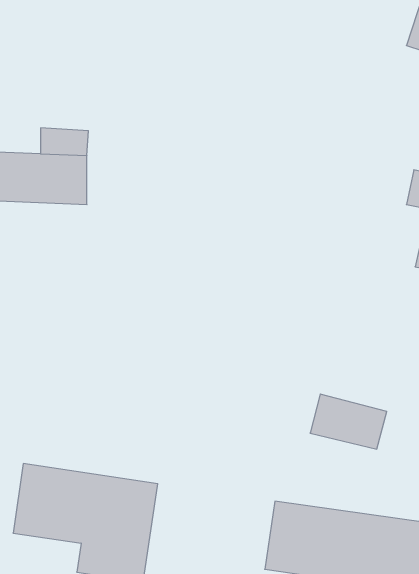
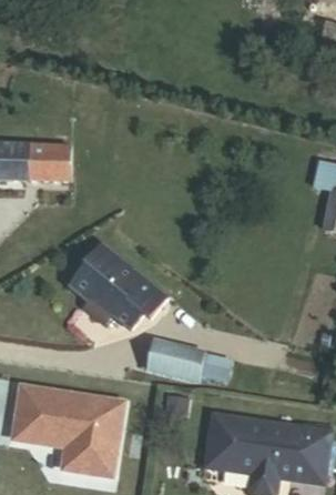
building: none -> [70,246,167,331]
building: [310,394,387,449] -> [147,342,206,384]

